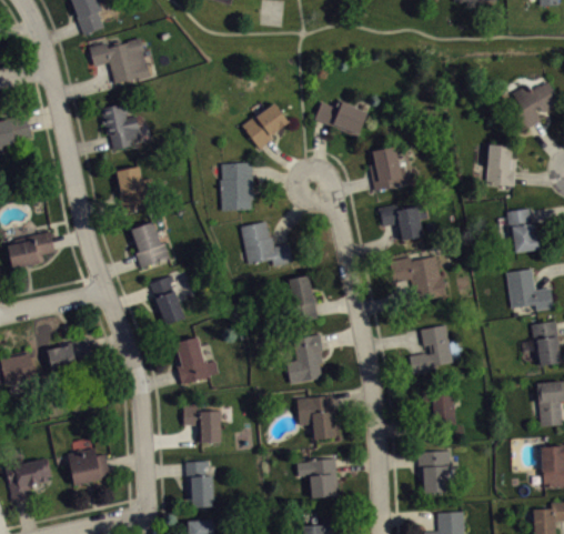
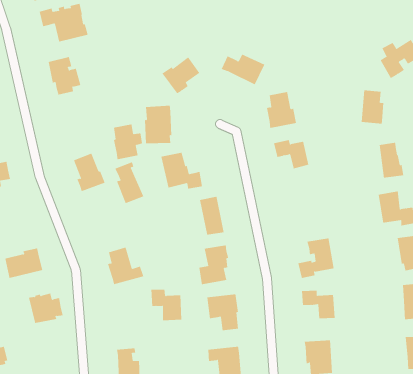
building: [118,167,154,211] -> [113,124,143,160]
building: [390,256,449,303] -> none
building: [150,274,187,326] -> [114,161,144,204]
building: [183,404,222,443] -> [151,289,182,321]
building: [67,447,110,485] -> [28,293,63,324]

